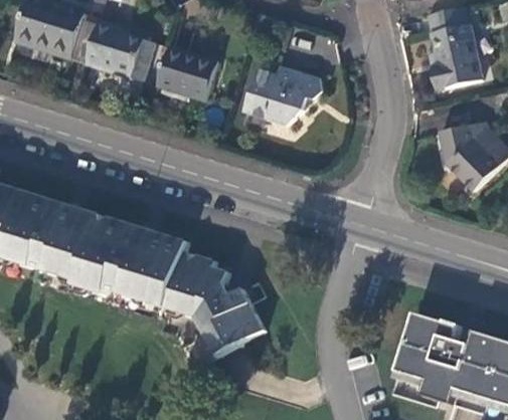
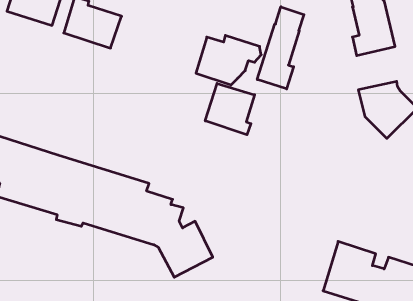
building: none -> [257,7,304,89]
building: [157,45,218,100] -> none
building: none -> [205,83,255,135]

